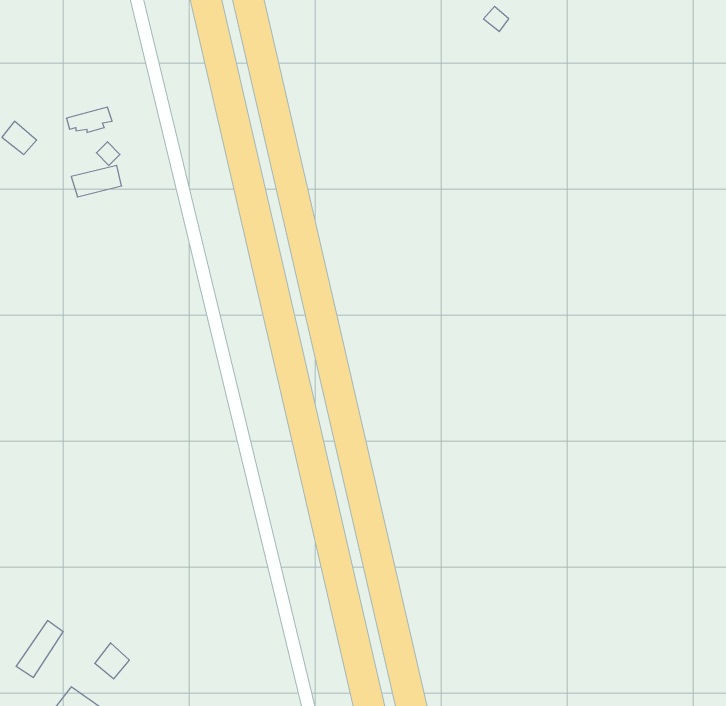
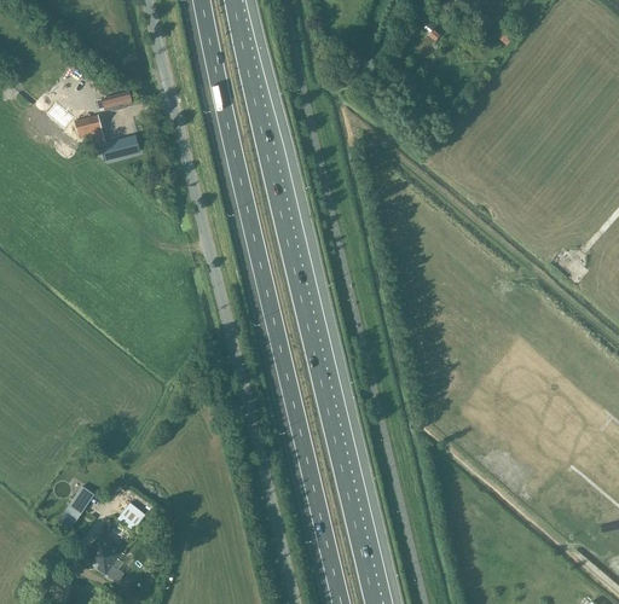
building: none -> [74,115,104,143]

